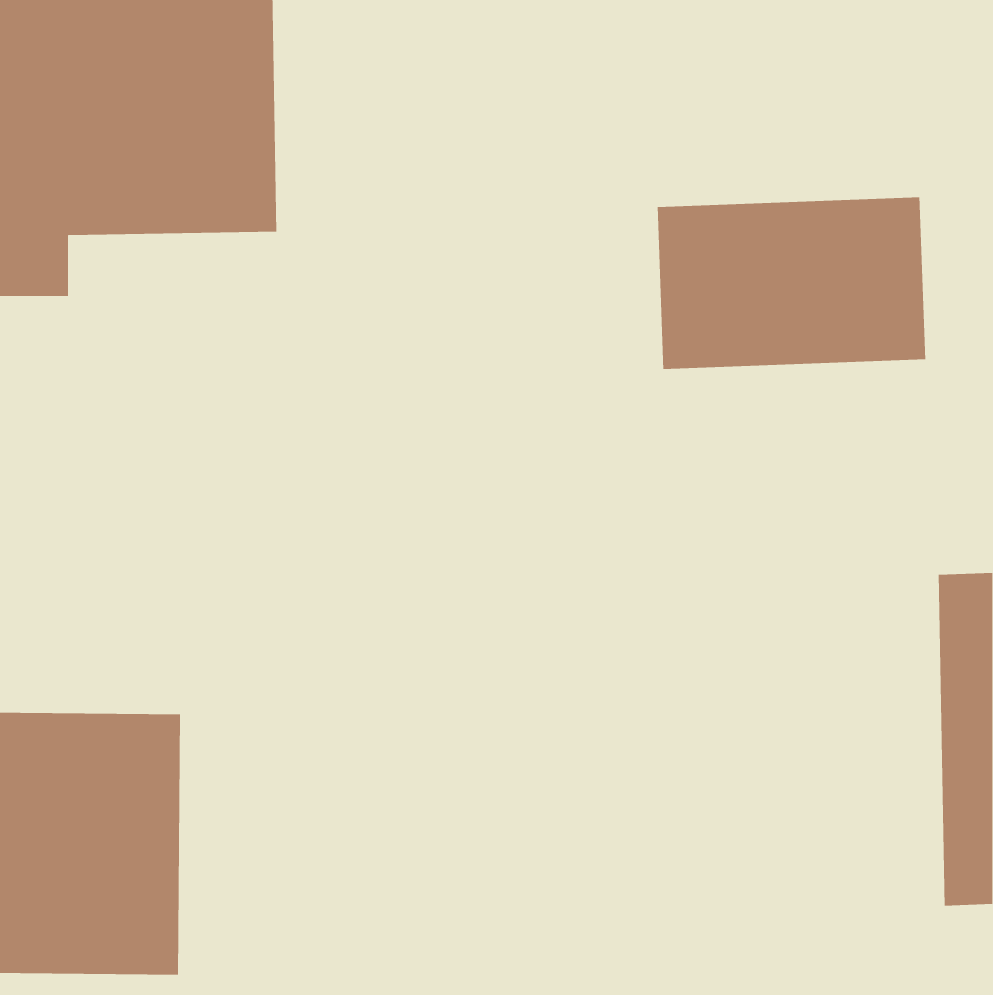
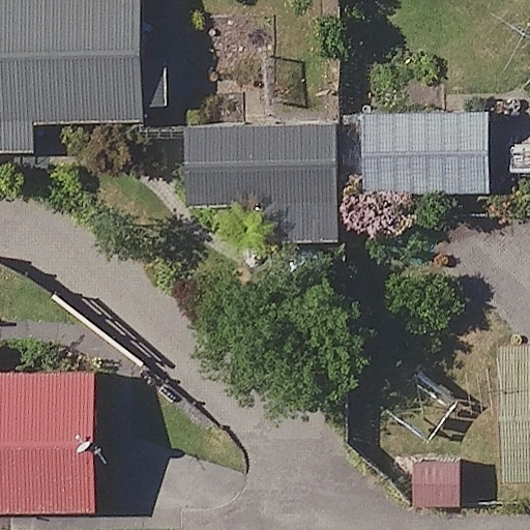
building: none -> [187,116,328,251]

